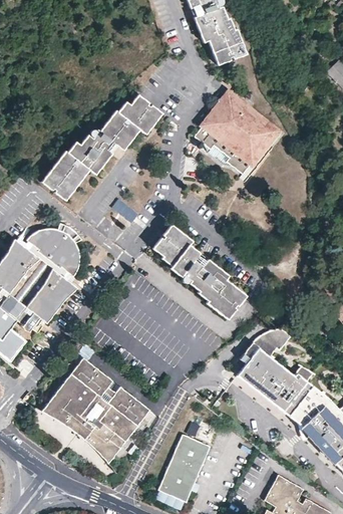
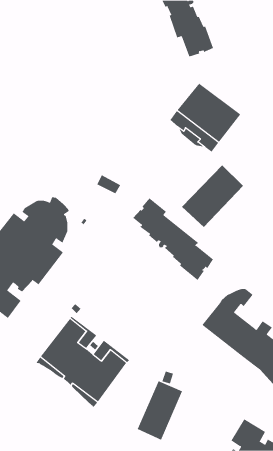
building: [42,95,161,201] -> none
building: none -> [181,165,244,228]

